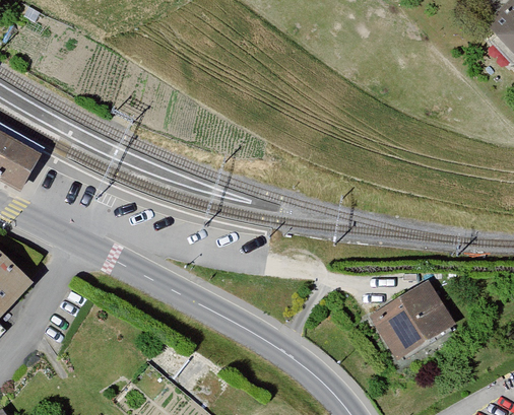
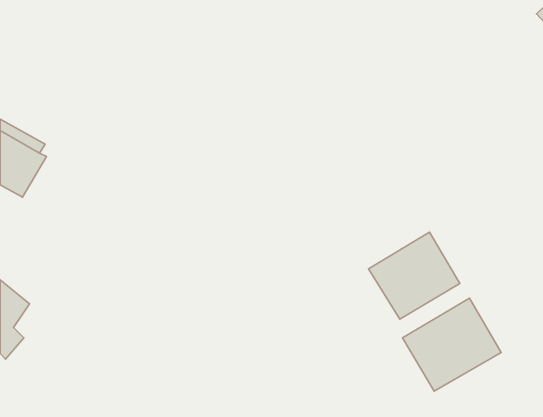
building: none -> [368,232,460,319]

